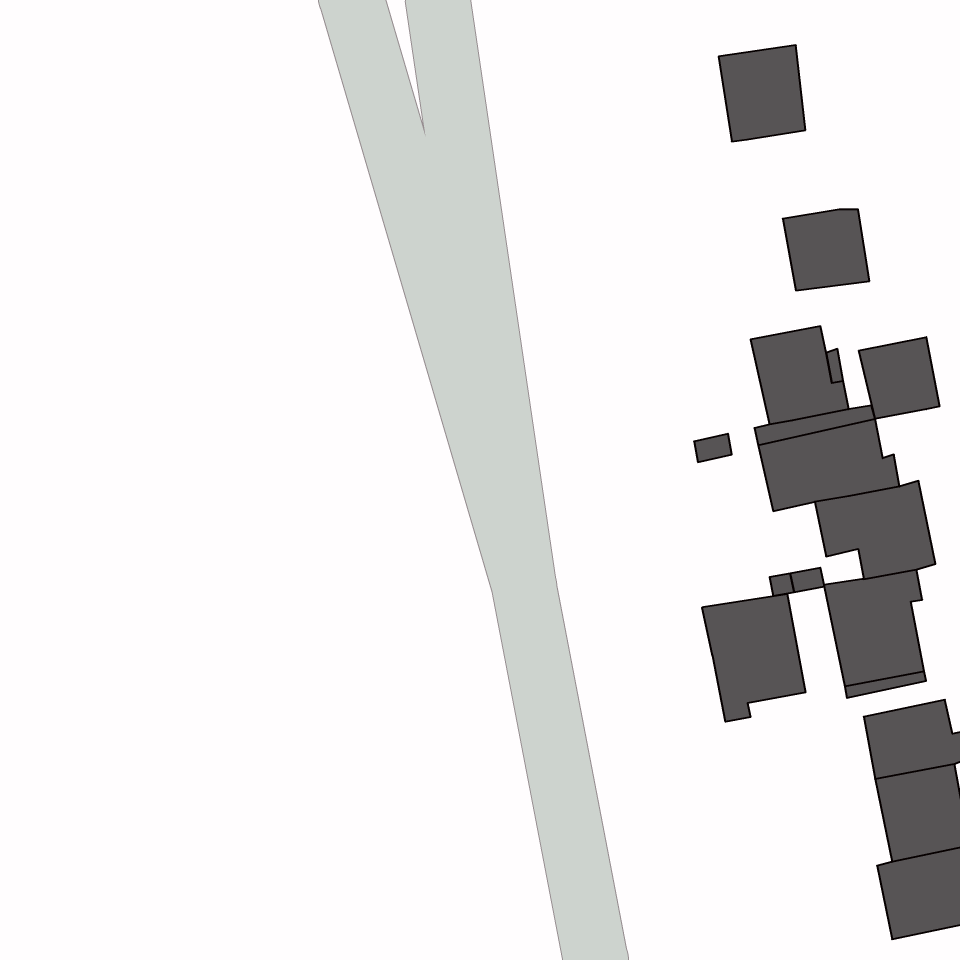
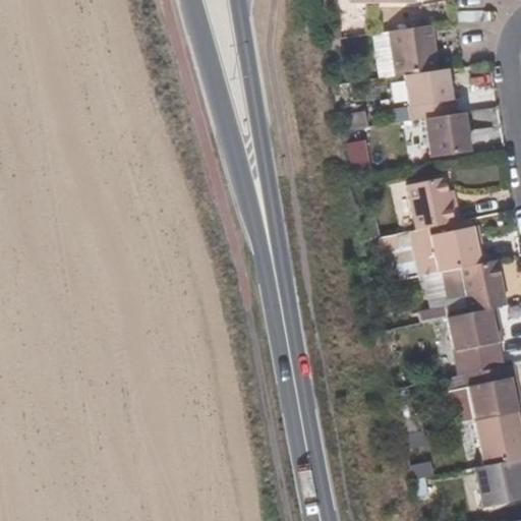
building: none -> [405,69,455,119]
building: [859,337,939,419] -> none
building: [702,594,805,722] -> none

